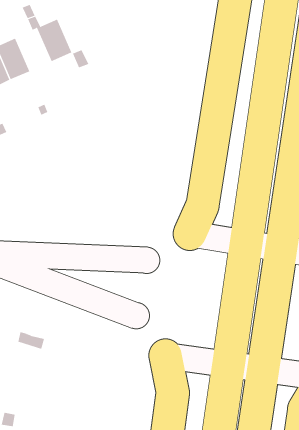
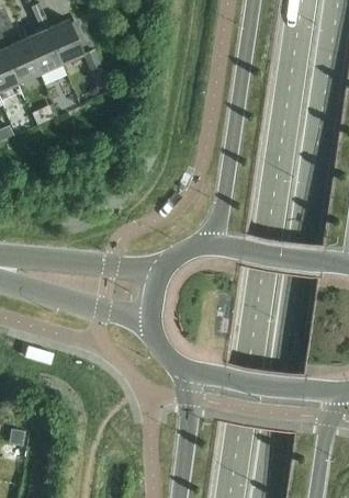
building: none -> [23,31,65,87]

